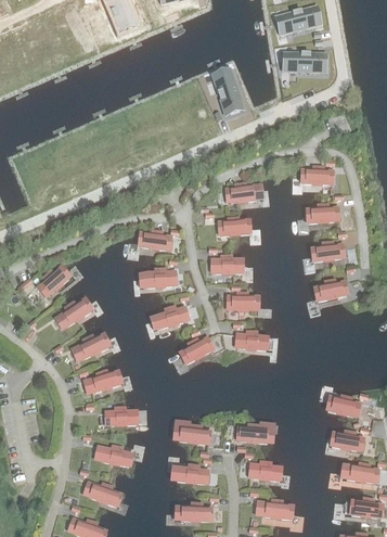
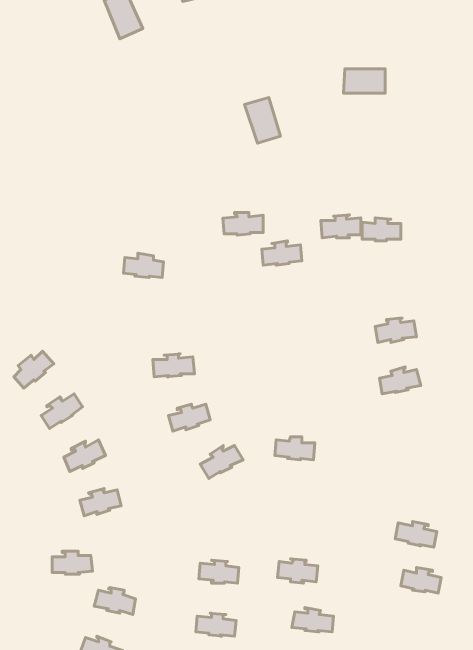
building: [281,8,315,34] -> none
building: [307,204,337,221] -> [321,215,361,238]
building: [219,218,249,235] -> [223,212,263,235]
building: [140,230,170,248] -> [123,253,164,277]
building: [212,256,242,273] -> none
building: [228,293,258,310] -> none
building: [106,408,137,425] -> [52,551,92,574]
building: [346,463,377,482] -> none

